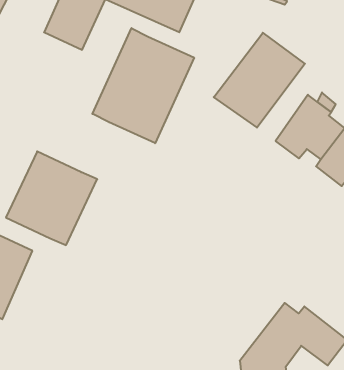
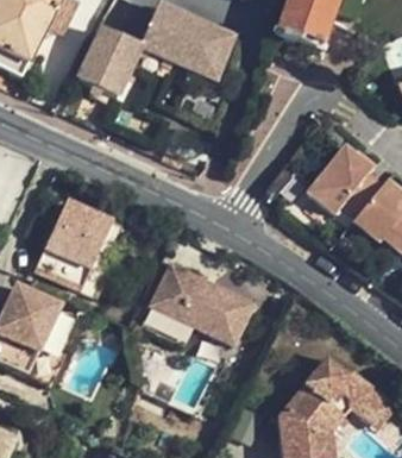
building: [92,28,194,143] -> none
building: [214,33,305,128] -> none
building: none -> [142,264,256,347]

